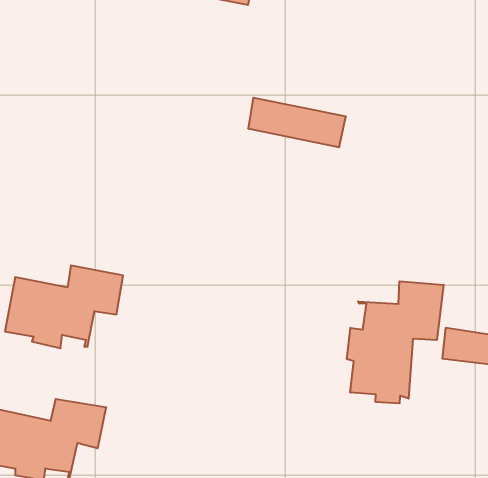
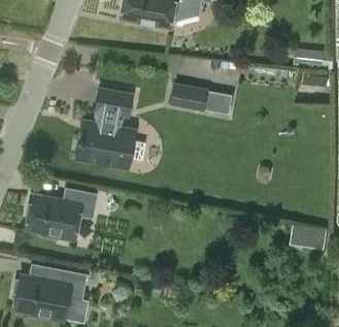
building: none -> [75,91,145,169]
building: [347,281,444,403] -> none

